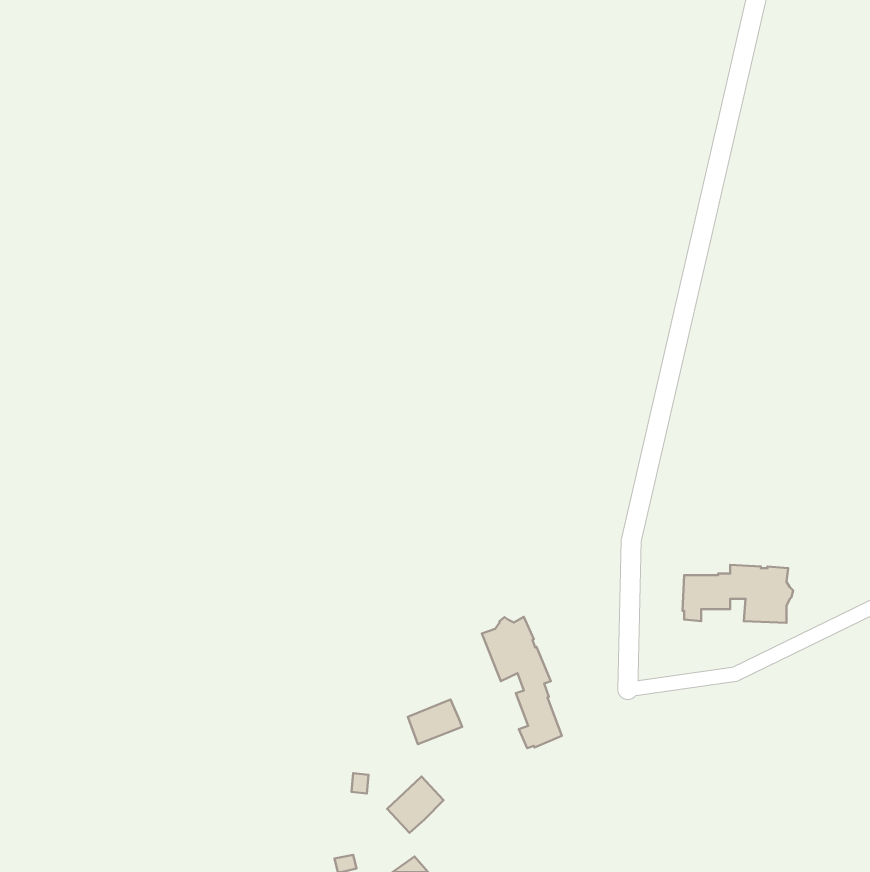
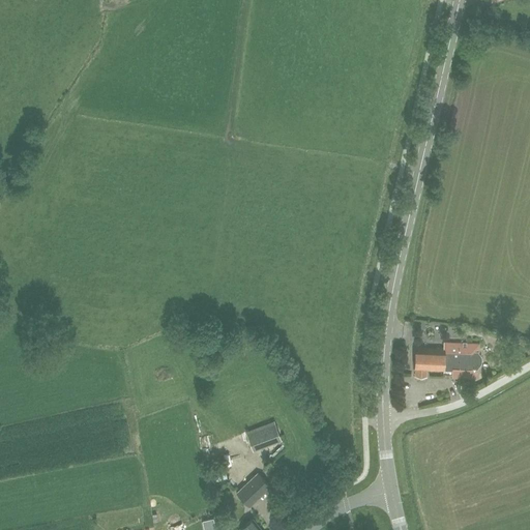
building: [482,617,562,748] -> none

